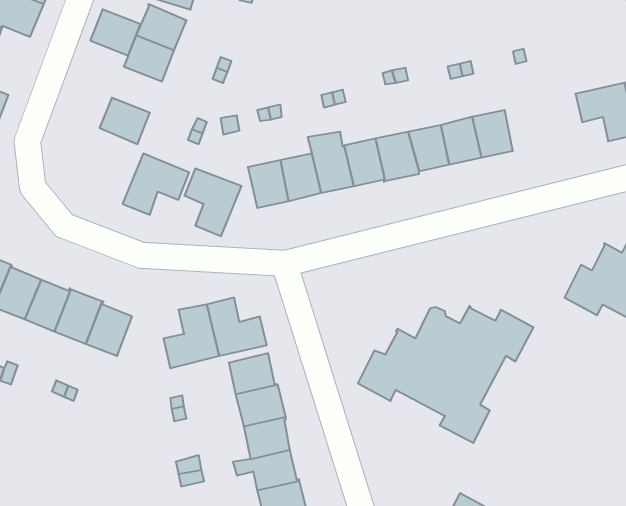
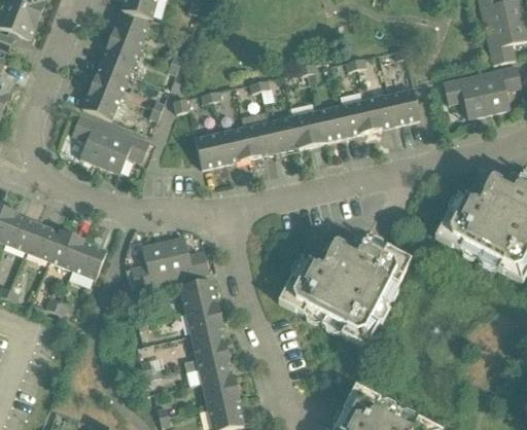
building: [90,9,141,56] -> [92,62,130,97]
building: none -> [389,89,420,126]
building: [184,168,242,236] -> [72,114,115,166]

